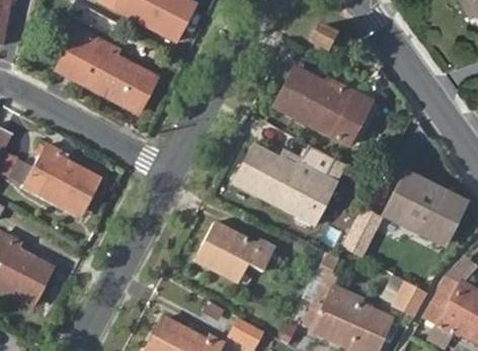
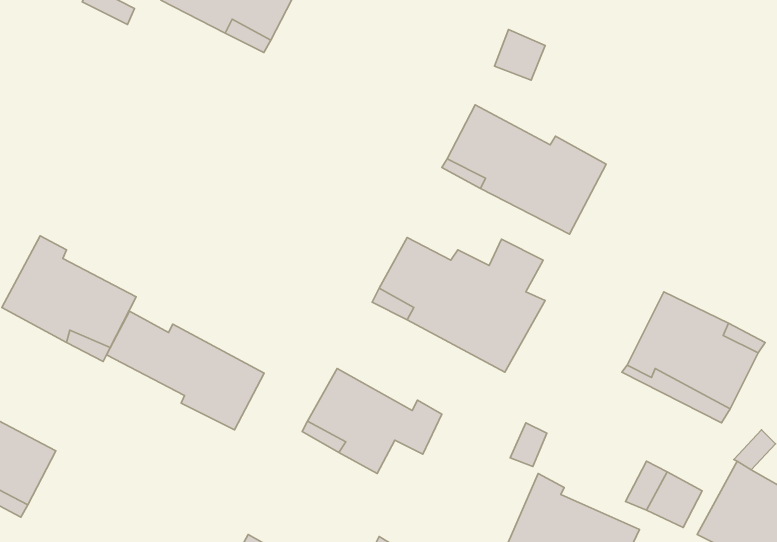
building: [58,31,153,111] -> none
building: none -> [106,311,264,430]
building: [342,210,379,256] -> none

